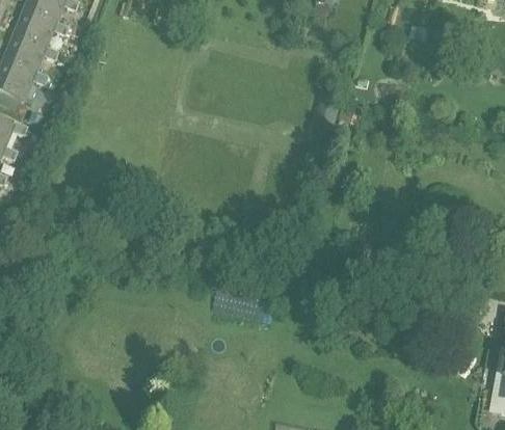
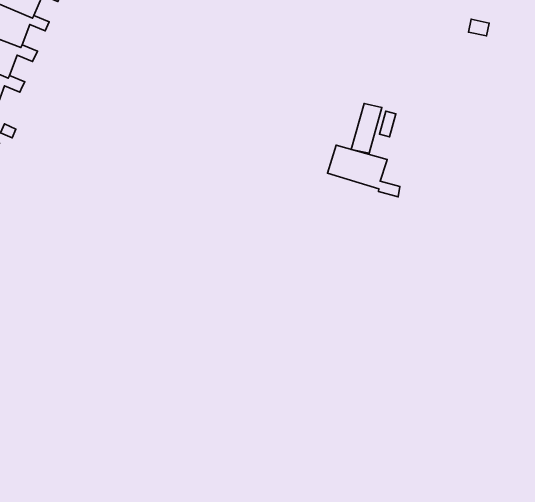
building: none -> [327,145,400,197]

